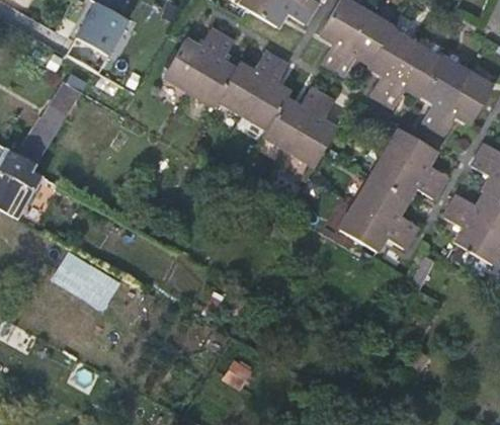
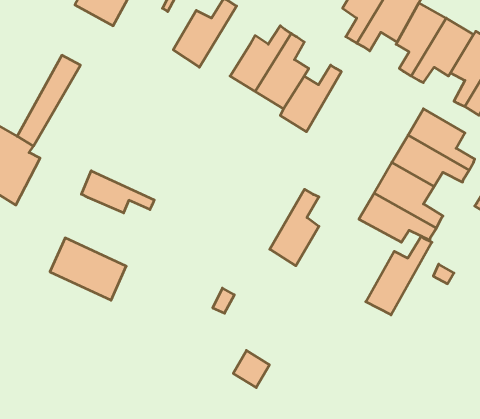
building: [190,34,238,105] -> none
building: [289,95,335,166] -> [270,189,319,266]
building: none -> [81,171,154,213]
building: none -> [366,236,432,315]

